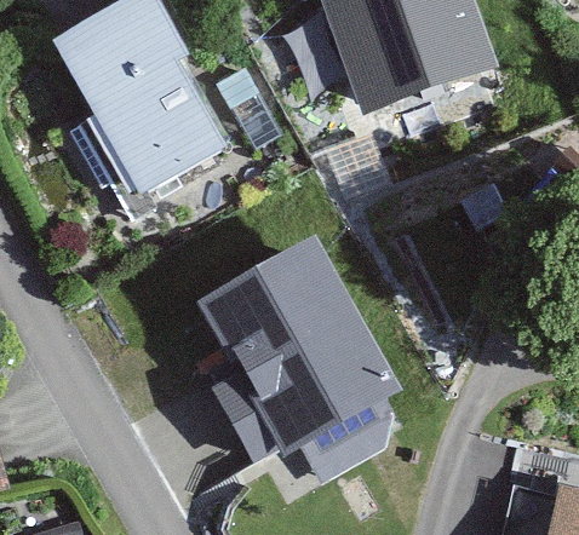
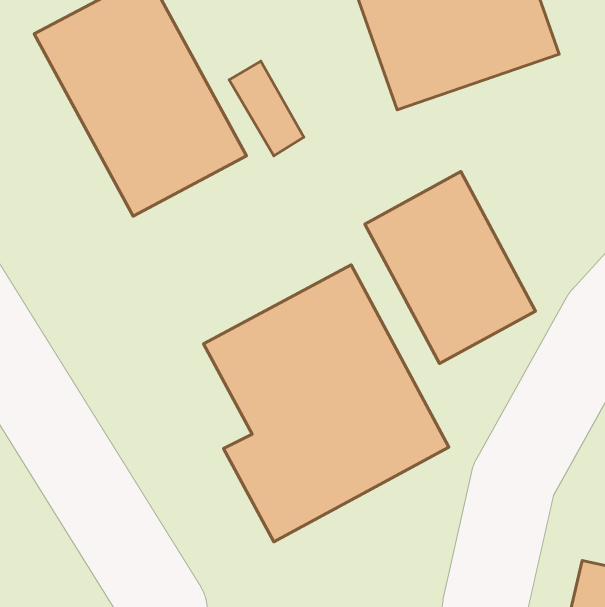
building: none -> [365,172,536,364]

